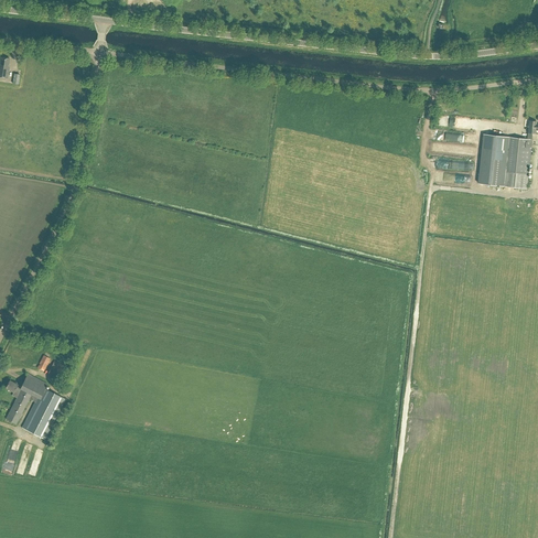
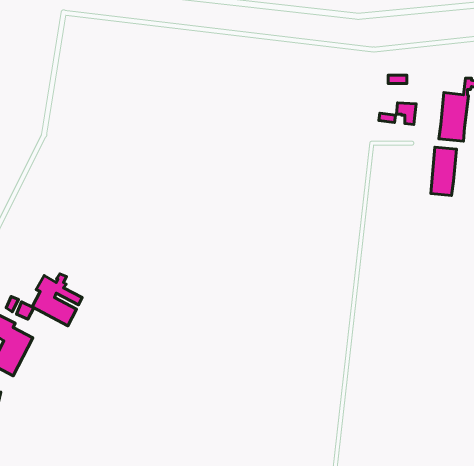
building: [476,133,504,185] -> [431,147,456,195]
building: none -> [32,274,82,326]

